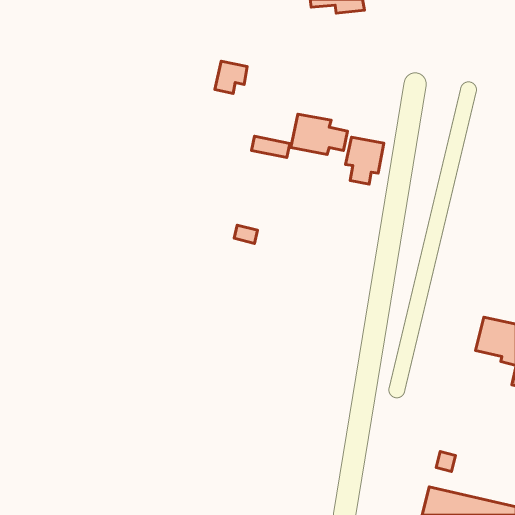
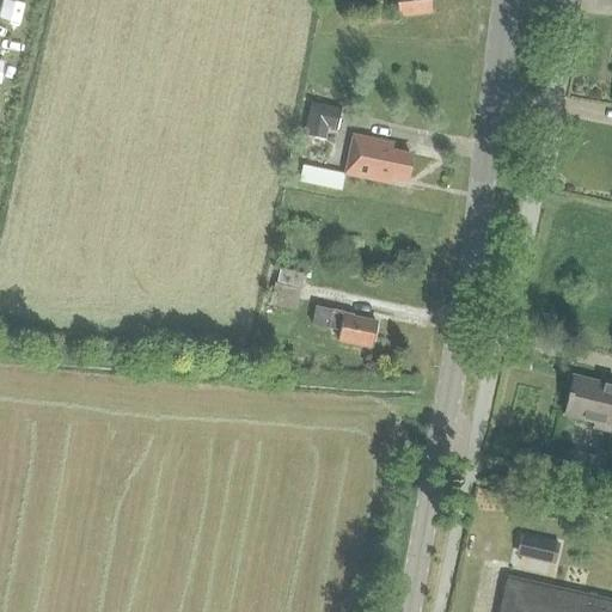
building: [215,61,247,94] -> [305,102,343,140]
building: [346,137,384,184] -> none
building: none -> [313,306,378,345]

